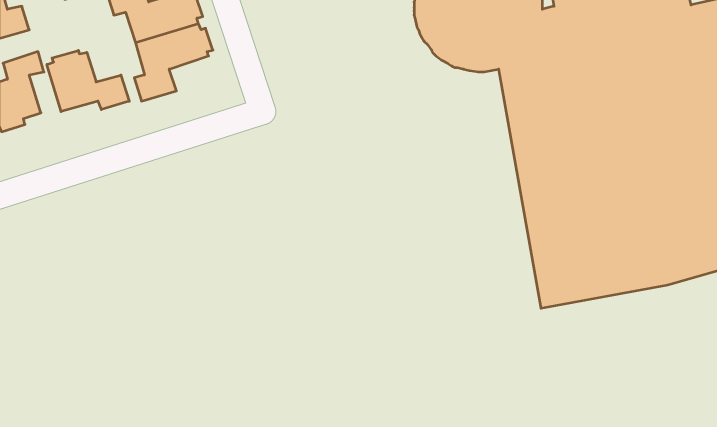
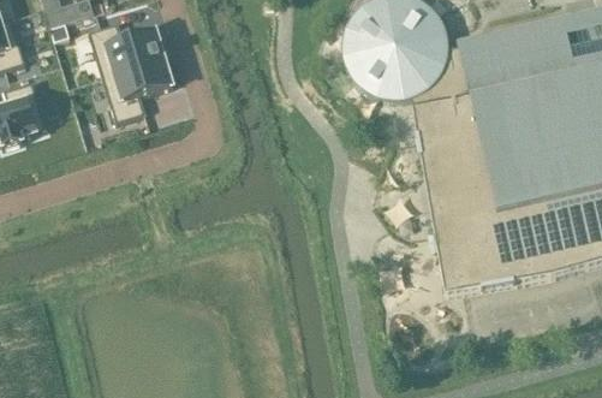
building: [47,50,129,112] -> none

